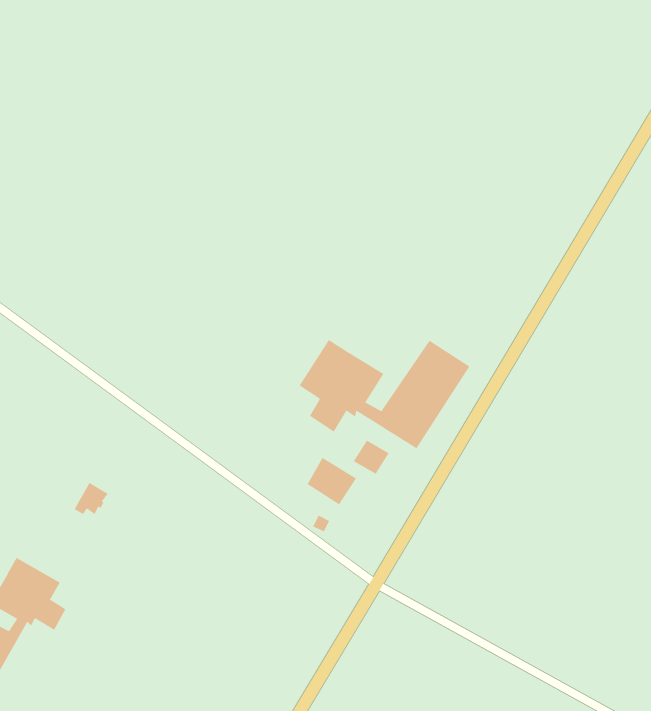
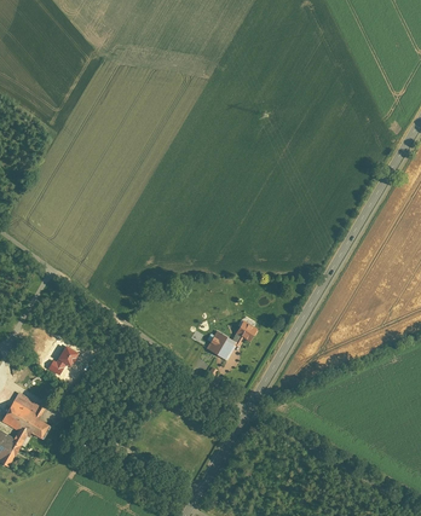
building: [299,339,470,449] -> none

